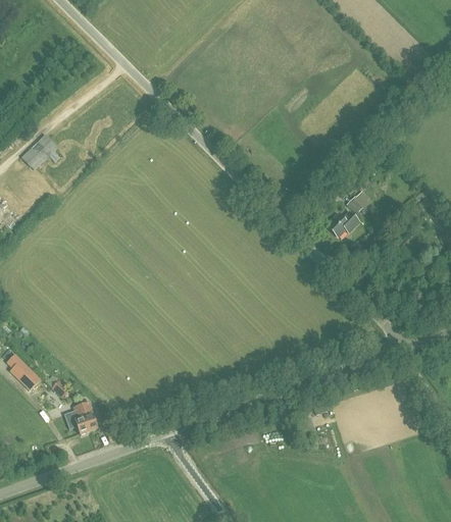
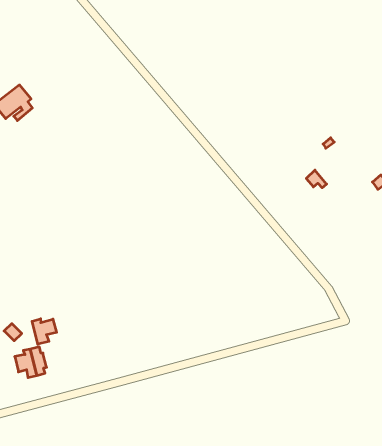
building: [325,212,358,237] -> none
building: none -> [32,319,57,344]

